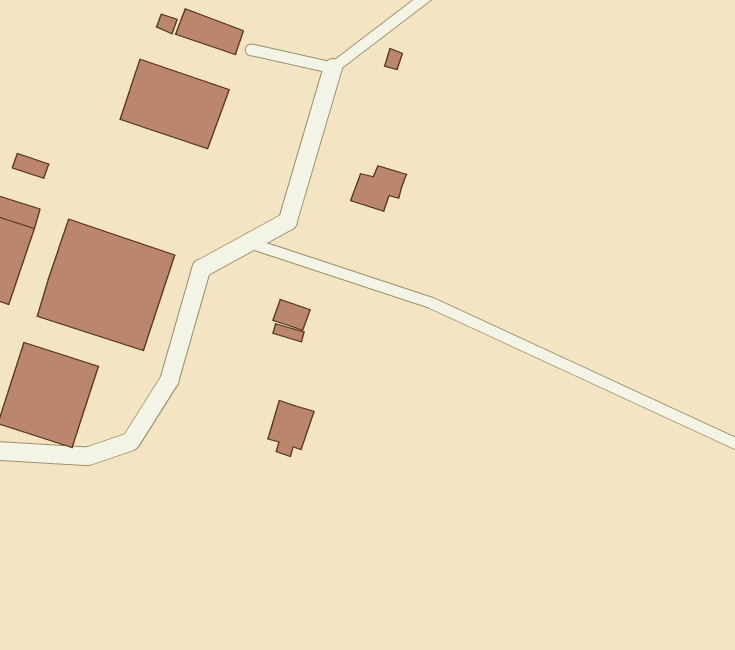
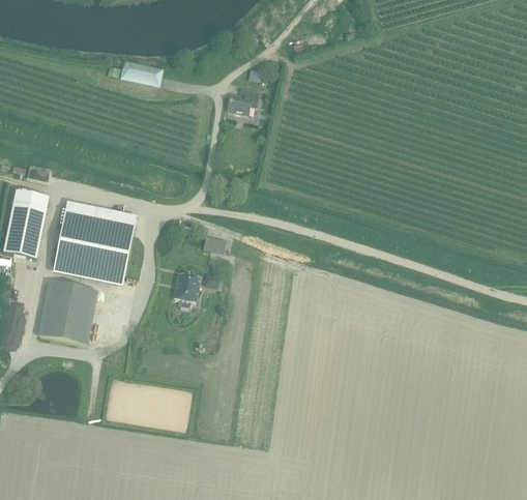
building: [120,59,229,149] -> none
building: [351,166,407,211] -> [226,89,259,117]
building: [268,401,314,456] -> [173,274,200,308]

